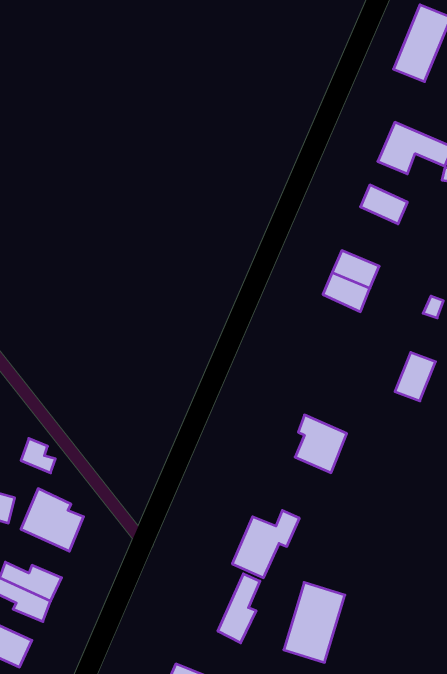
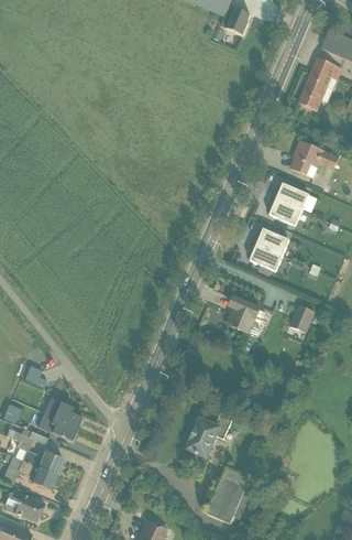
building: none -> [266,198,299,226]
building: [295,415,347,473] -> [223,293,260,334]
building: [218,574,260,643] -> none

